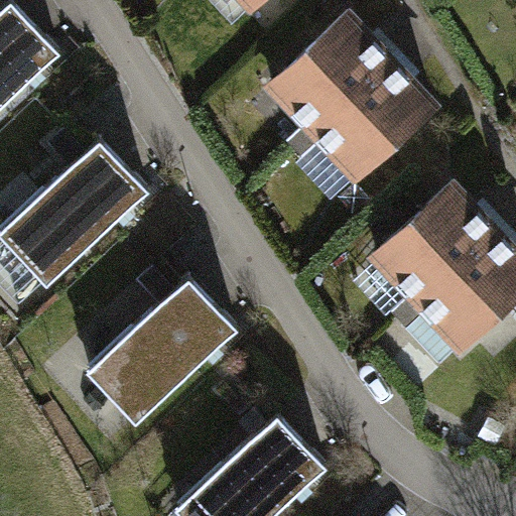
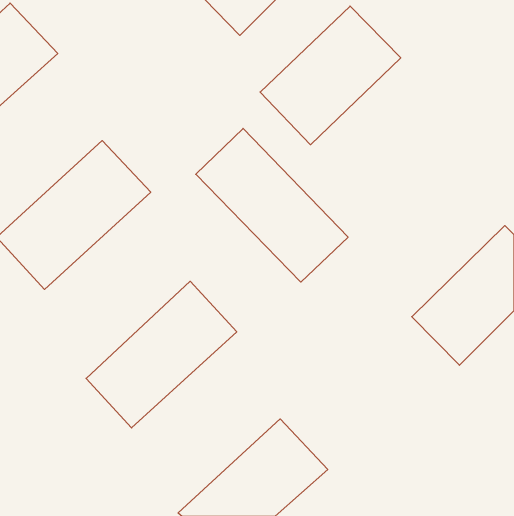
building: [309,57,446,194] -> none
building: none -> [196,128,348,282]
building: [359,172,503,315] -> none

